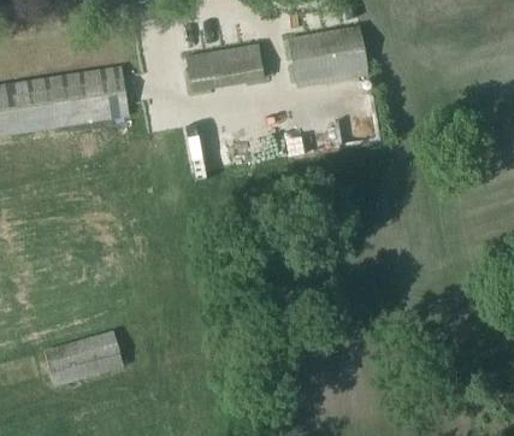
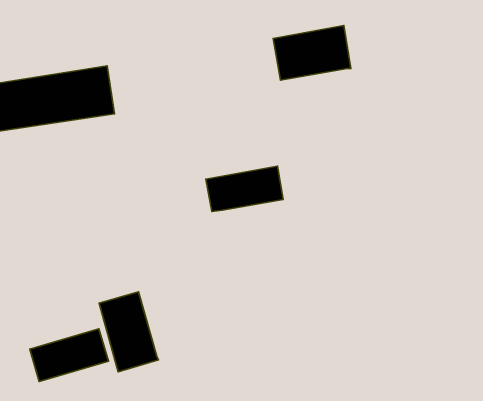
building: [185,45,264,90] -> [206,166,283,211]
building: none -> [99,292,159,372]

